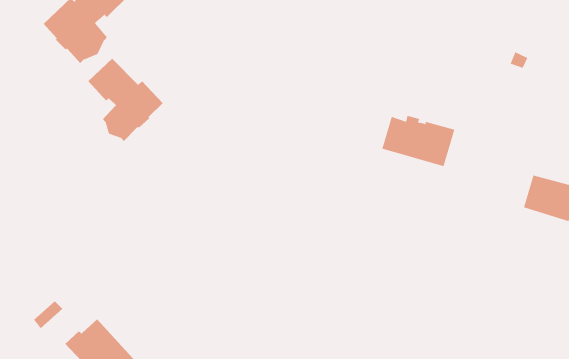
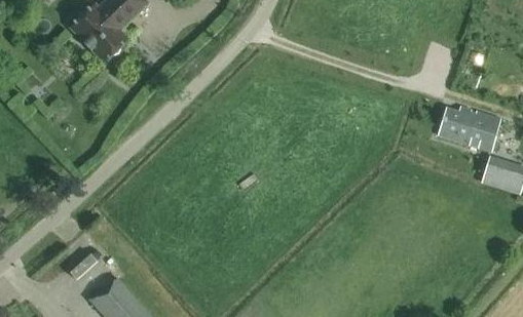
building: [88,58,163,142] -> none
building: [381,115,455,167] -> [438,106,500,150]

